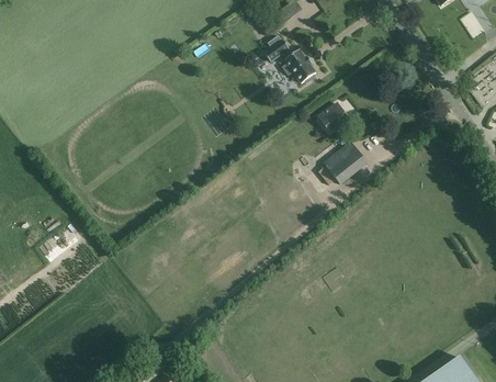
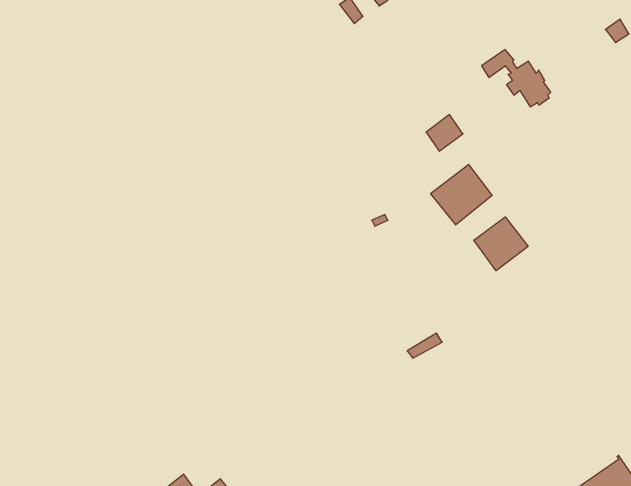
building: [263,41,315,83] -> [482,50,551,107]
building: none -> [474,217,528,271]

